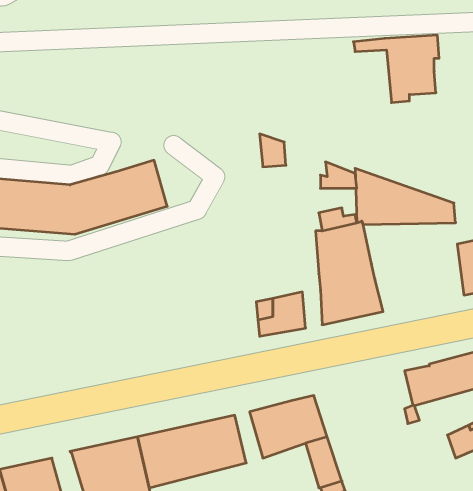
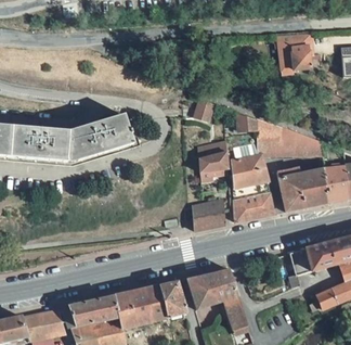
building: none -> [198,144,229,171]
building: none -> [277,167,328,210]

